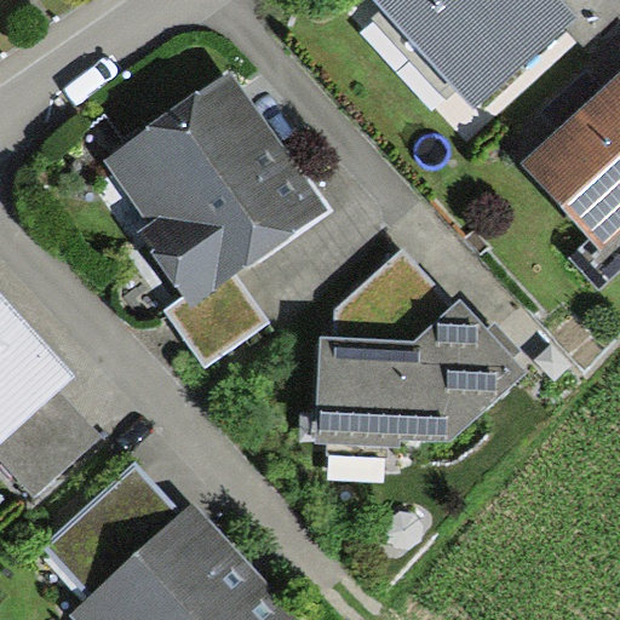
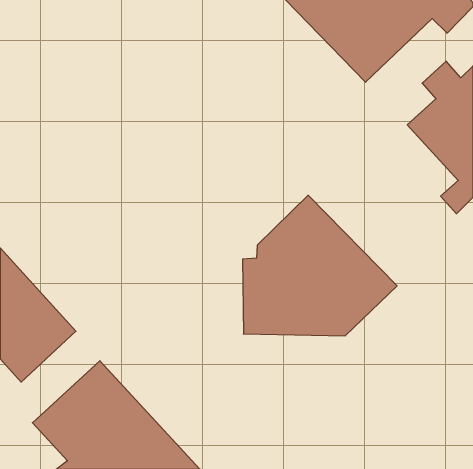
building: [116,87,311,358] -> none

